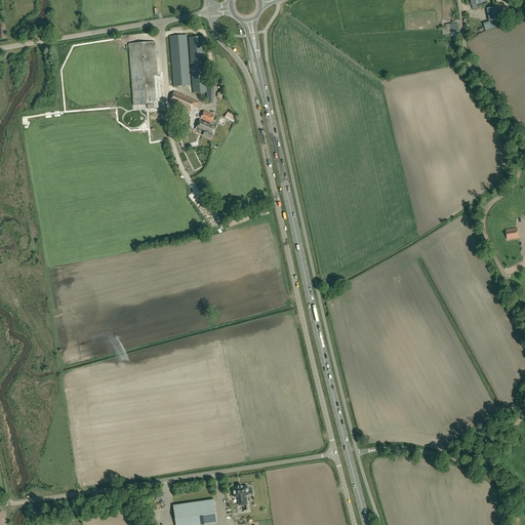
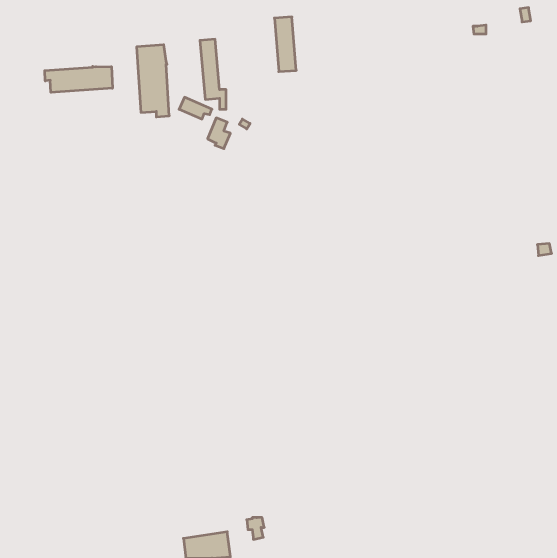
building: [169,35,190,86] -> [274,17,296,72]
building: none -> [45,66,112,92]

